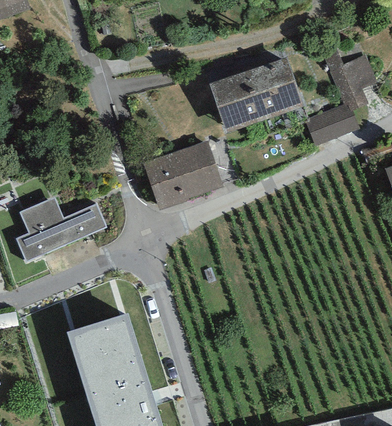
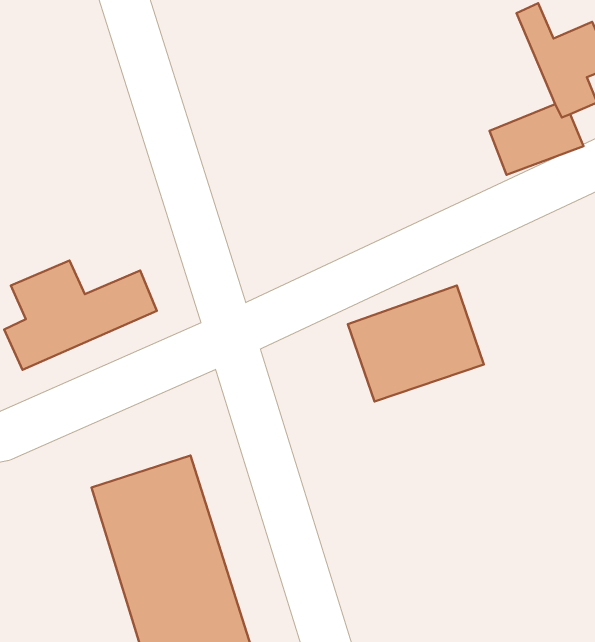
building: [208,57,302,131] -> none
building: [142,140,223,209] -> [348,286,484,402]

